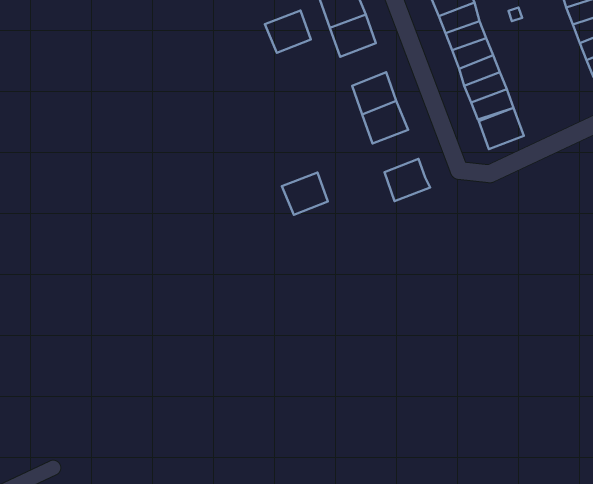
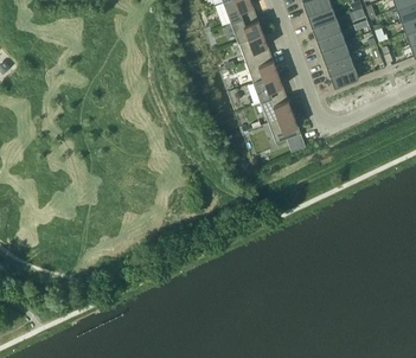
building: [265,11,311,53] -> [238,33,270,63]
building: [479,108,524,149] -> none
building: [282,173,328,215] -> [261,94,293,123]

